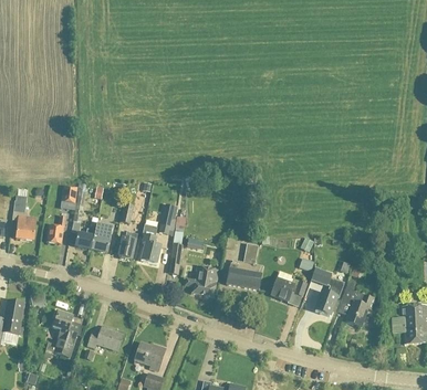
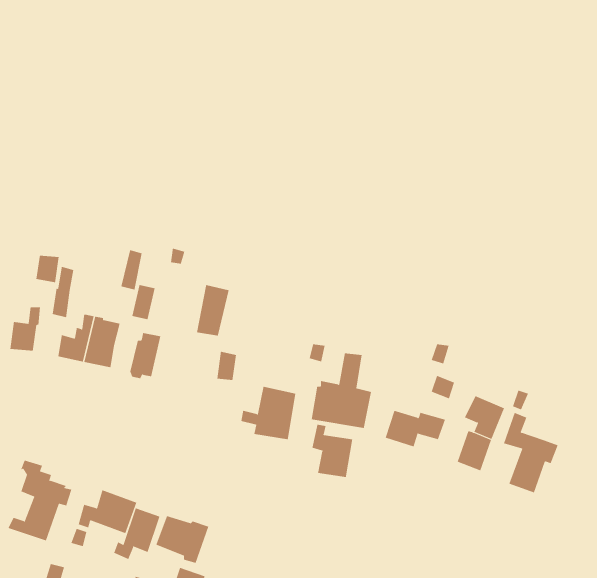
building: [140,224,160,264] -> none
building: none -> [312,424,353,478]
building: none -> [114,508,160,560]

